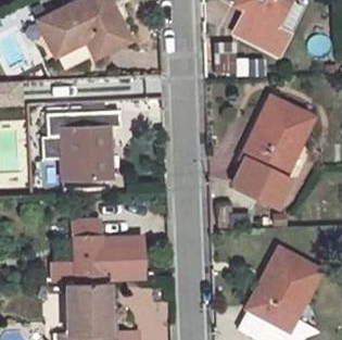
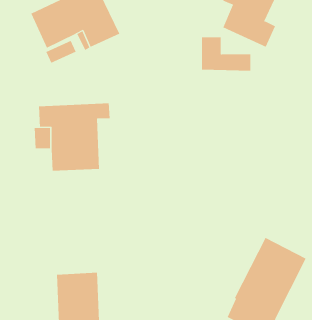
building: [235,97,314,207] -> none
building: [53,218,143,284] -> none

